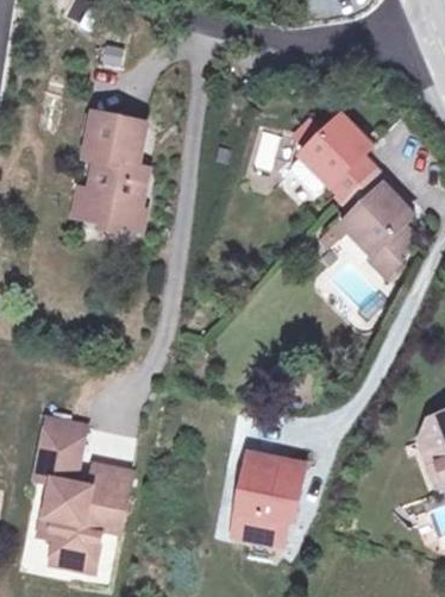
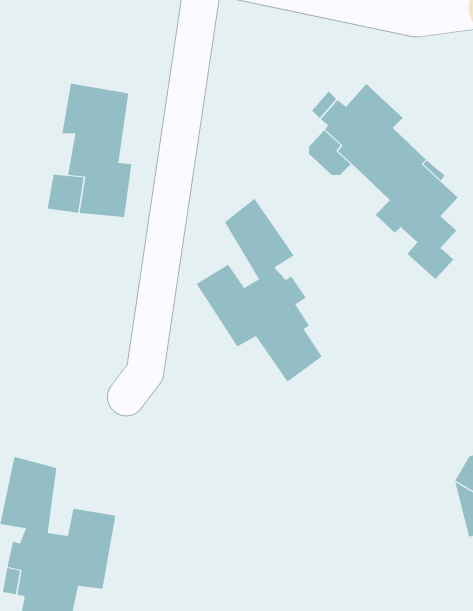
building: none -> [196,198,322,382]
building: [228,451,303,541] -> none

